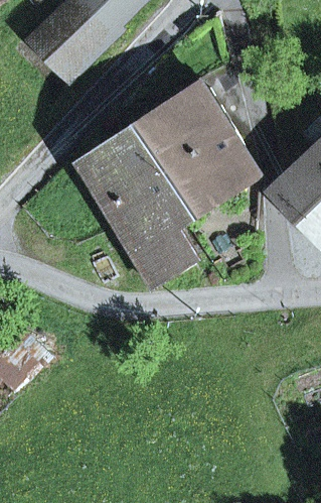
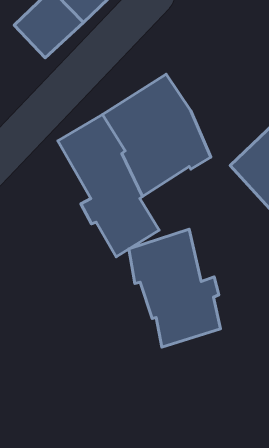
building: none -> [129,229,220,347]

